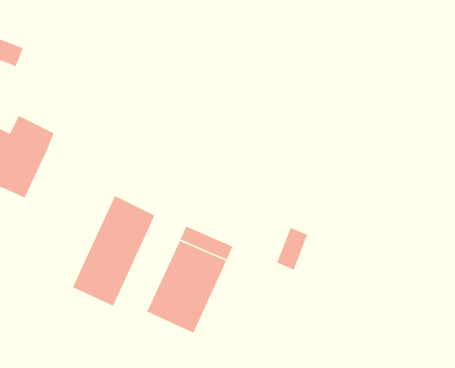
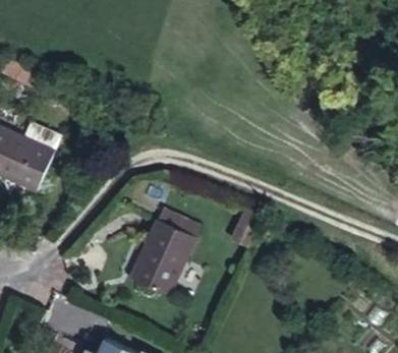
building: [72,195,155,307] -> none

